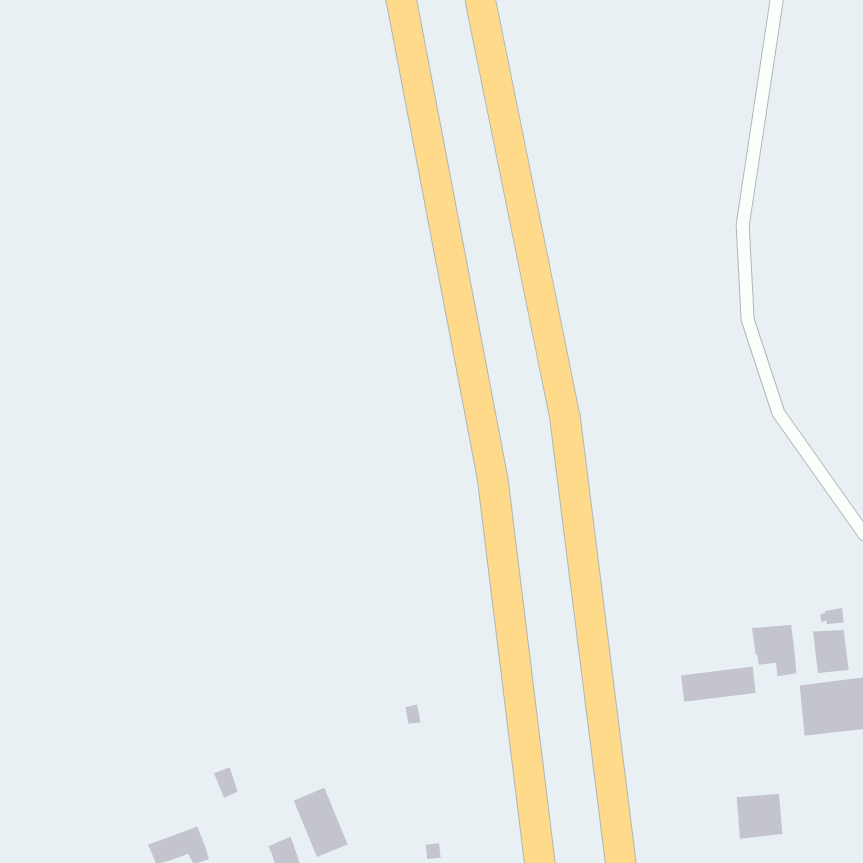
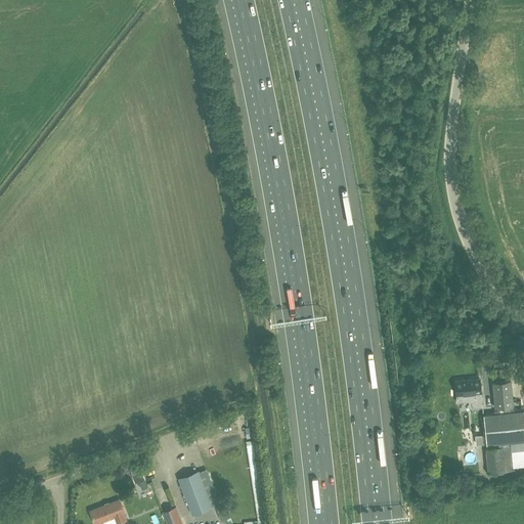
building: [681,666,756,703] -> none
building: [736,794,783,839] -> [486,446,515,474]

